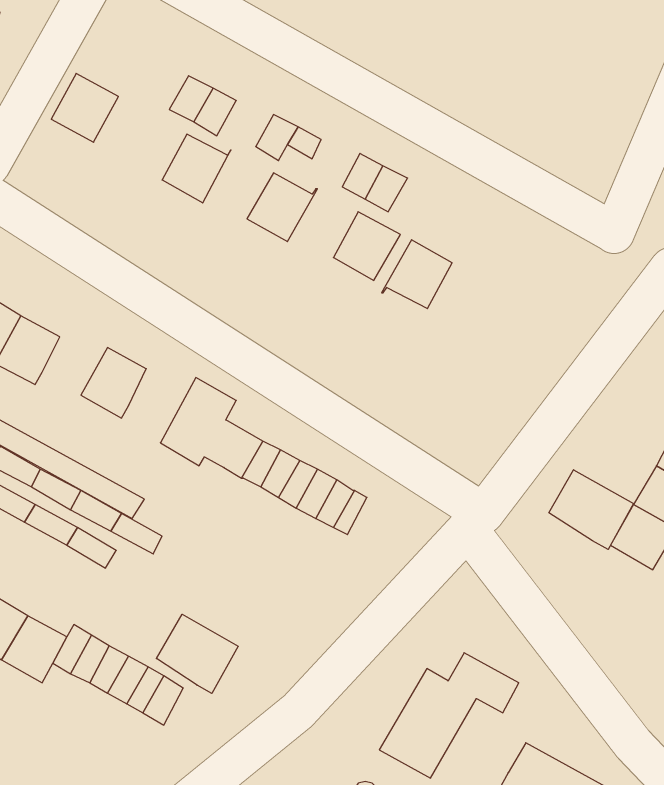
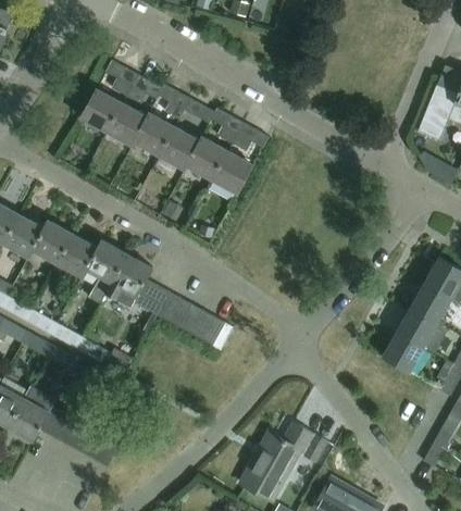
building: [51,73,118,142] -> [80,88,122,130]
building: none -> [132,112,175,154]
building: [382,240,452,309] -> [184,136,227,178]
building: none -> [33,220,73,263]
building: none -> [86,239,127,302]
building: [549,470,634,549] -> none
building: [156,614,238,693] -> none

